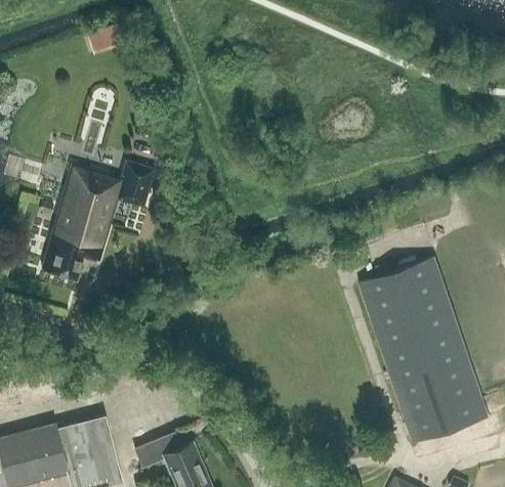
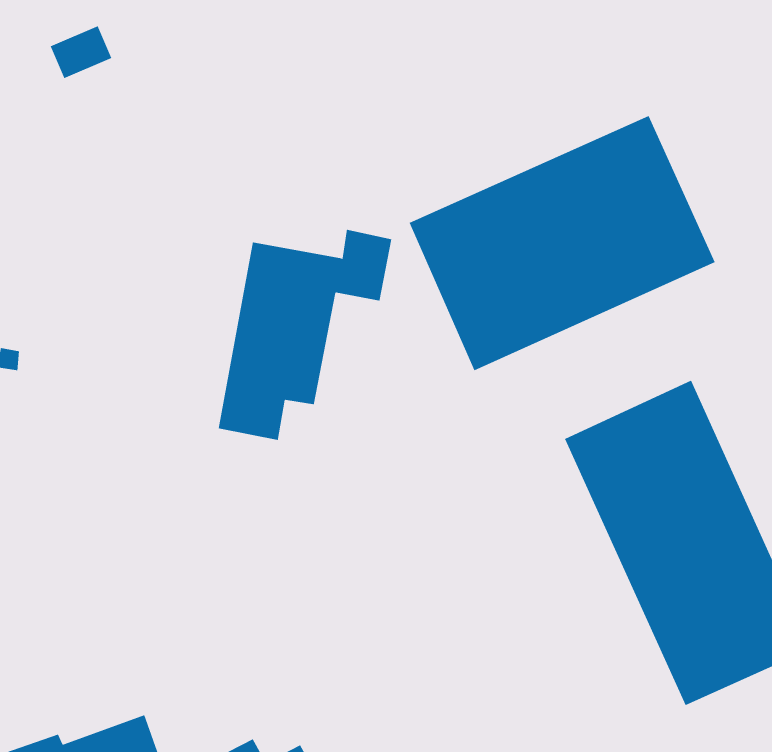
building: none -> [409,115,716,371]
building: [42,164,152,280] -> [218,229,392,440]

